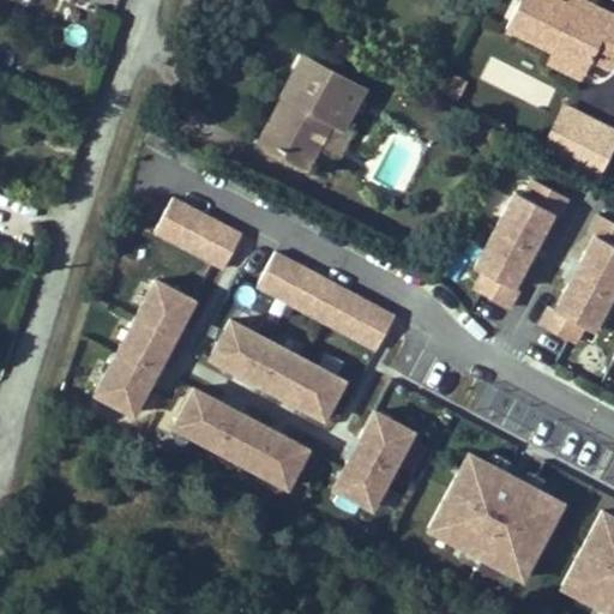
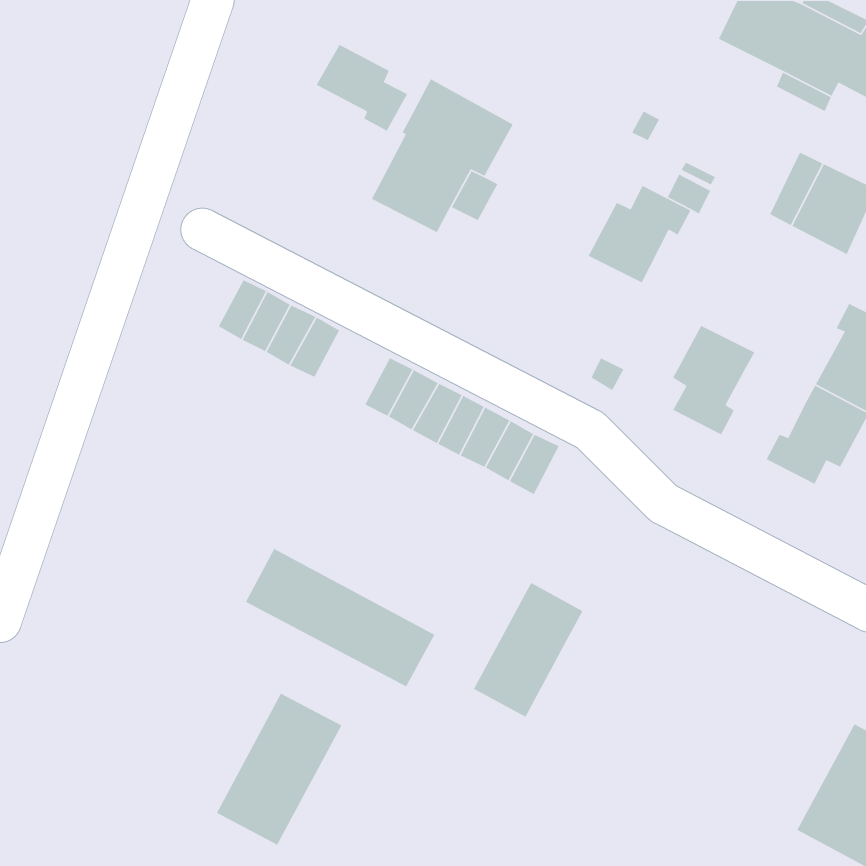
building: none -> [315,44,408,132]
building: [496,181,570,251] -> [588,185,691,283]
building: [97,281,195,415] -> none
building: [212,320,345,419] -> none
building: [431,455,564,579] -> none
building: none -> [216,692,342,846]

